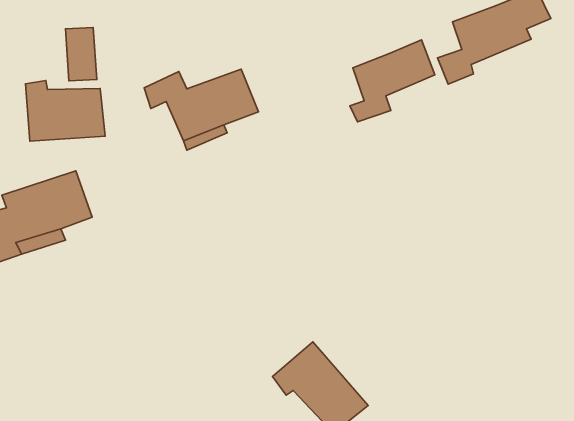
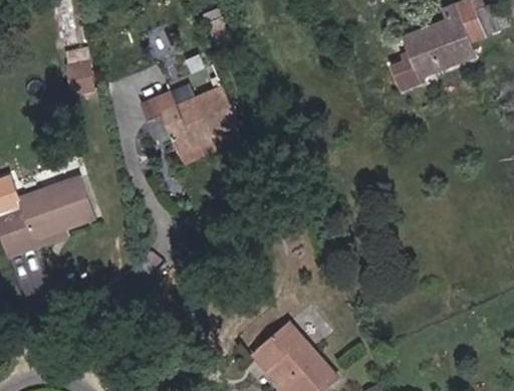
building: [350,40,435,122] -> none
building: [25,81,105,141] -> none

